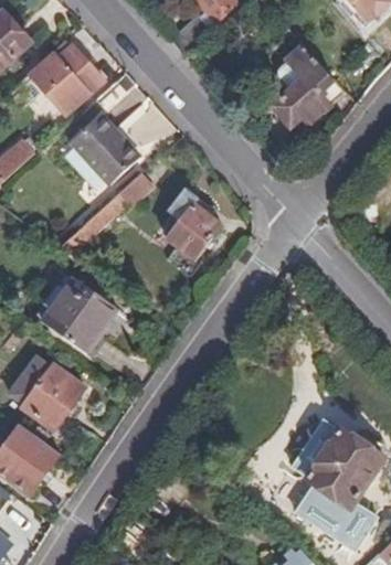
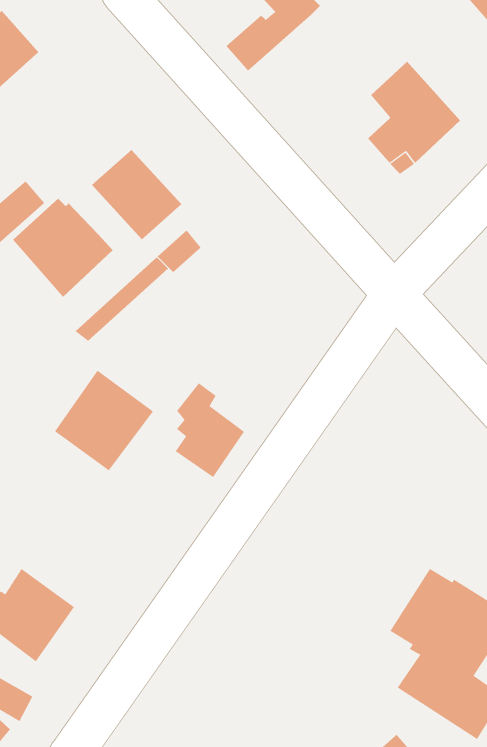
building: [29,41,104,115] -> [12,198,113,298]
building: [166,189,218,259] -> [175,382,245,478]
building: [9,358,83,429] -> none

